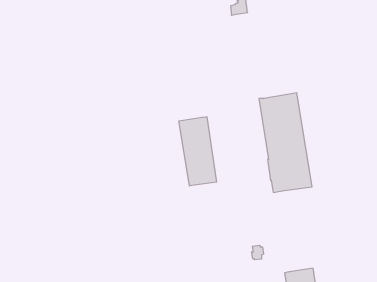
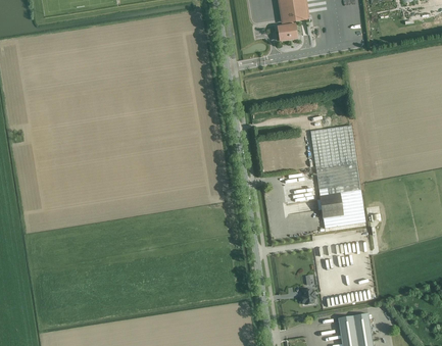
building: [179,117,217,186] -> none

